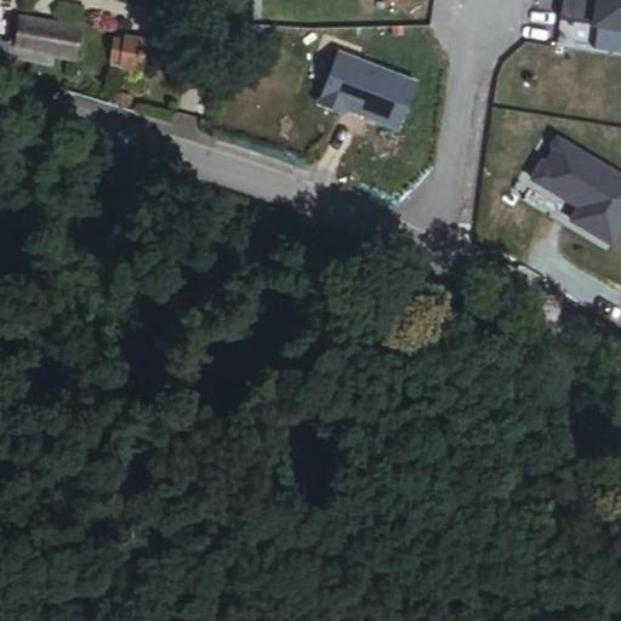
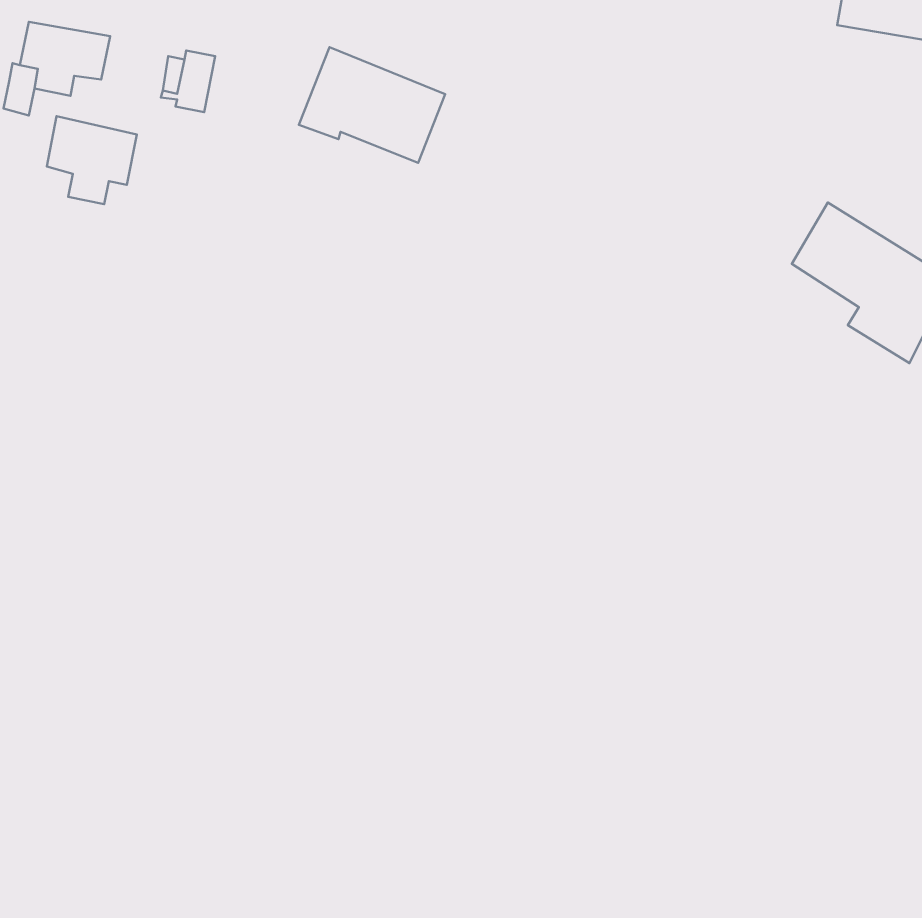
building: [318,50,416,127] -> [299,47,445,163]
building: none -> [47,116,137,204]

